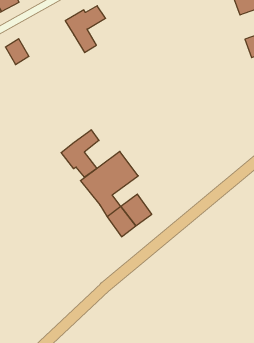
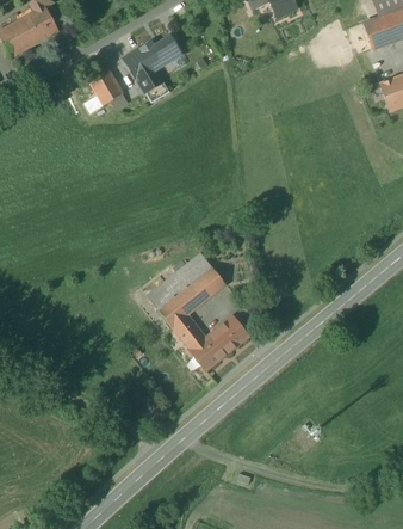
building: [5,39,29,65] -> [88,69,122,106]
building: [61,130,99,177] -> none

